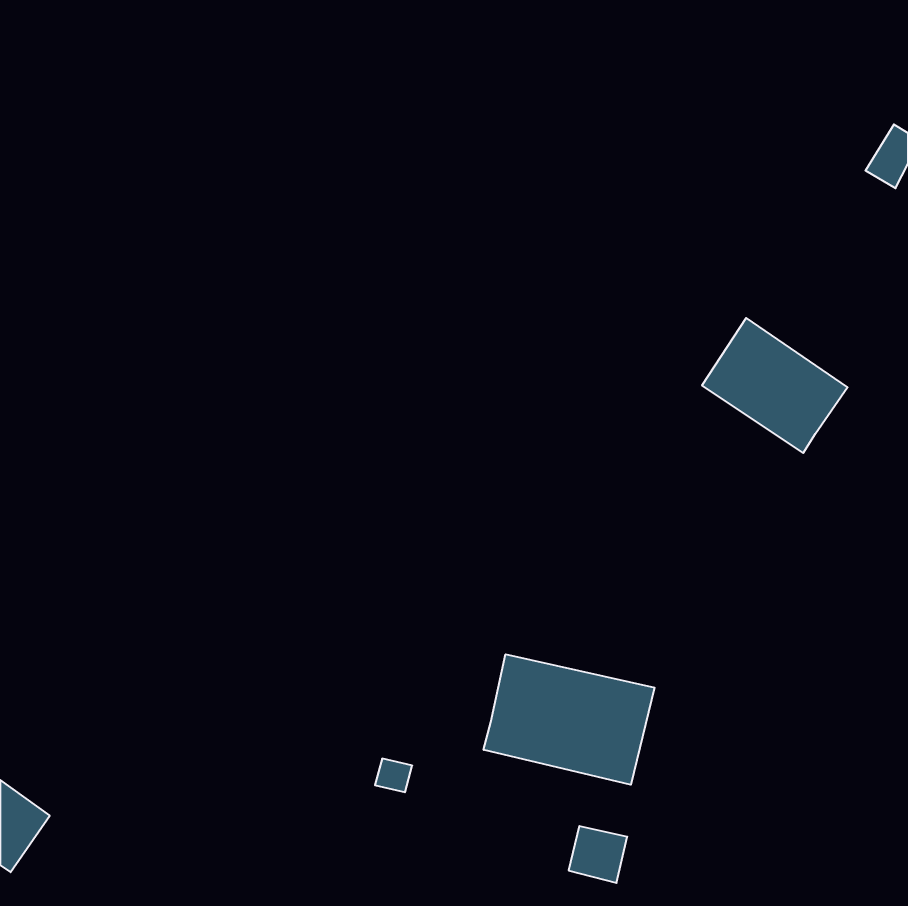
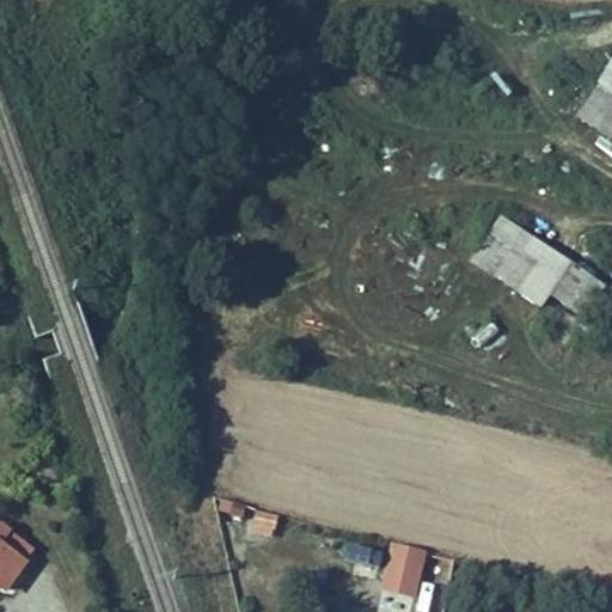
building: none -> [549,262,604,316]
building: [484,654,655,785] -> none

